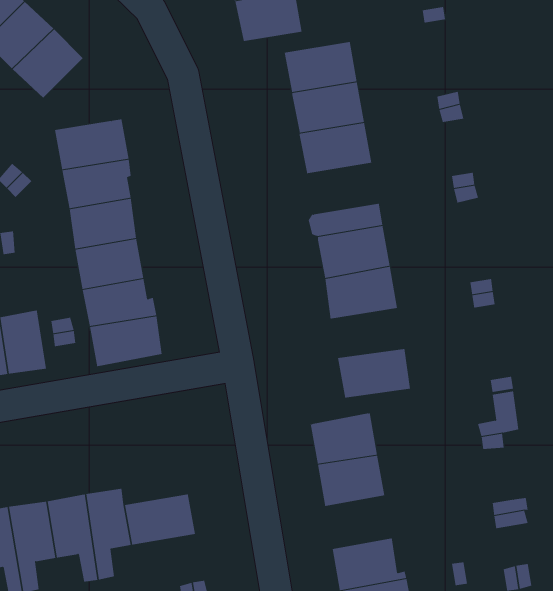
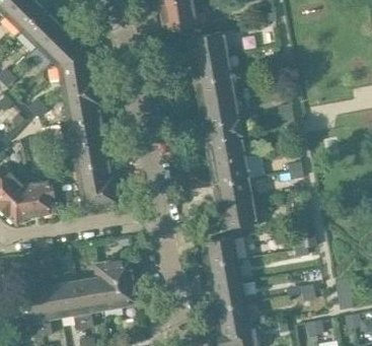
building: none -> [54,41,91,80]
building: none -> [199,98,239,127]
building: none -> [212,179,253,206]
building: none -> [94,258,134,287]
building: none -> [209,282,246,312]

